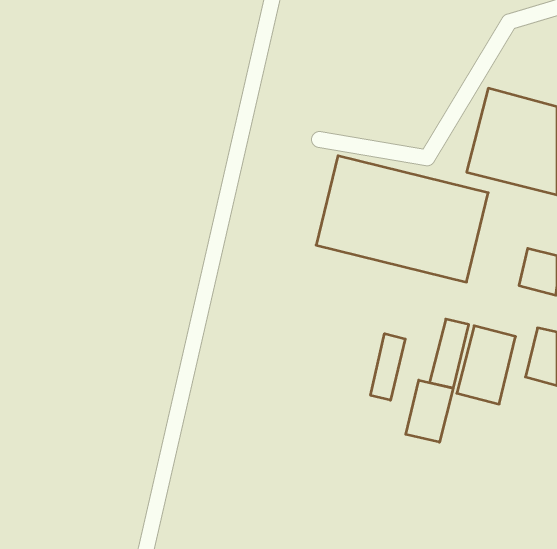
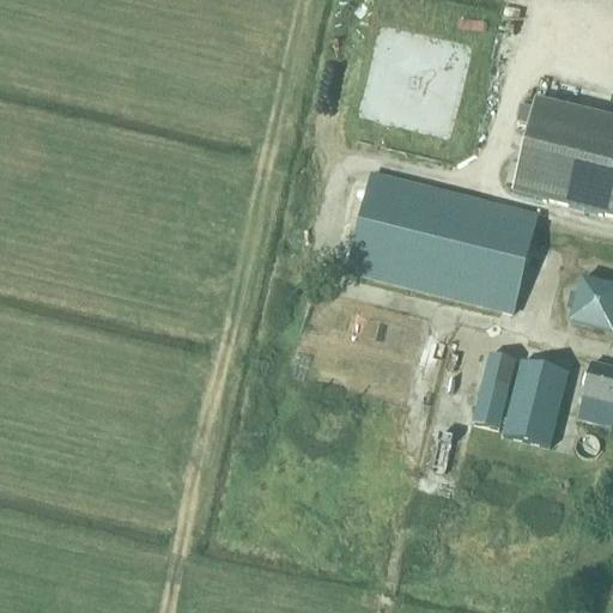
building: [371,334,405,400] -> none
building: [406,380,453,442] -> none

